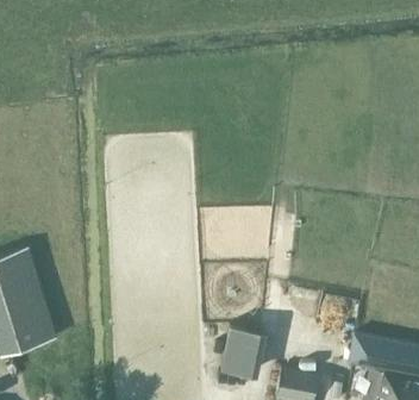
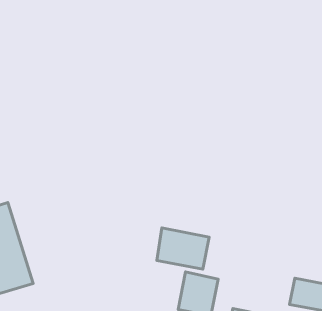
building: none -> [157,228,209,269]

